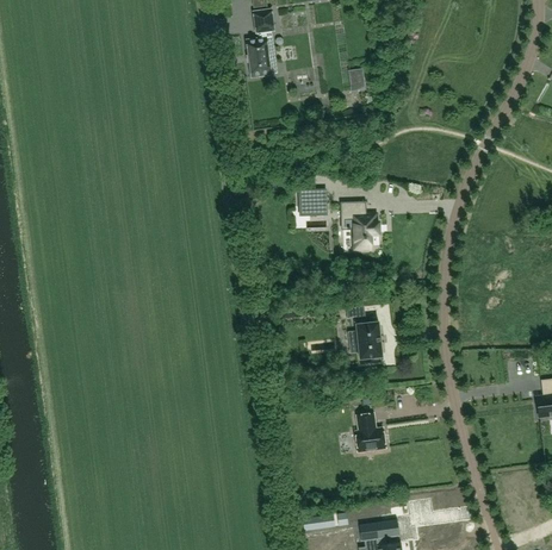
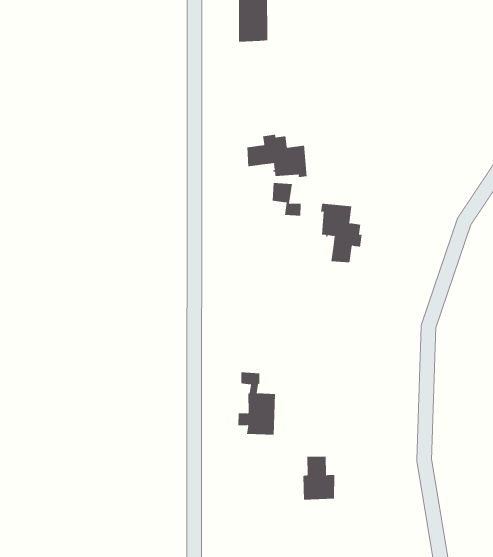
building: none -> [247,134,307,178]
building: [347,308,383,361] -> [237,372,276,435]

